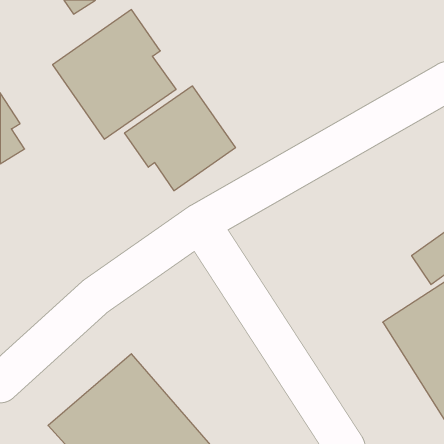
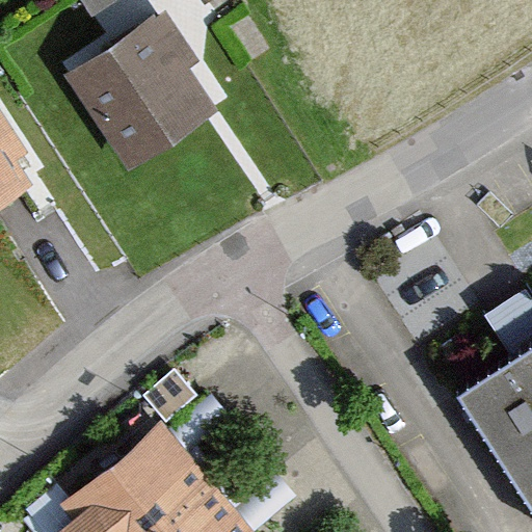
building: [125,86,235,191] -> none

